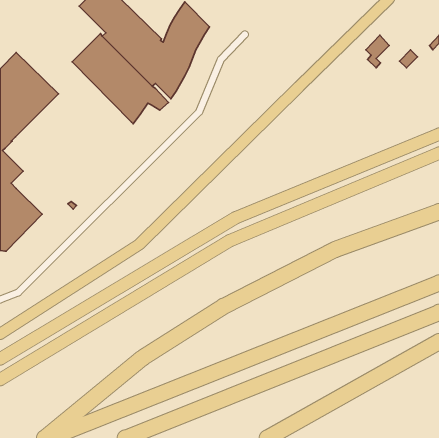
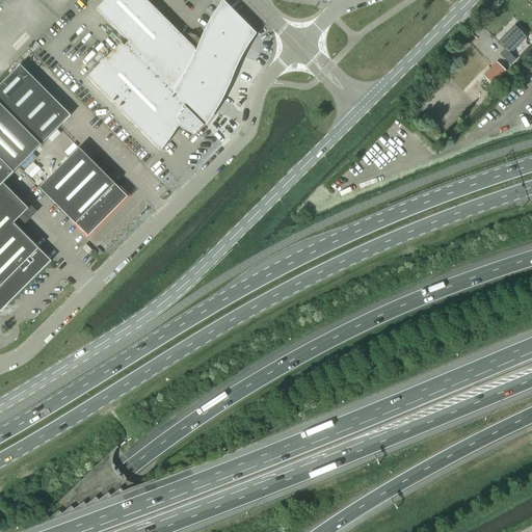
building: [366,35,389,68] -> [498,24,526,63]
building: none -> [39,147,128,235]

